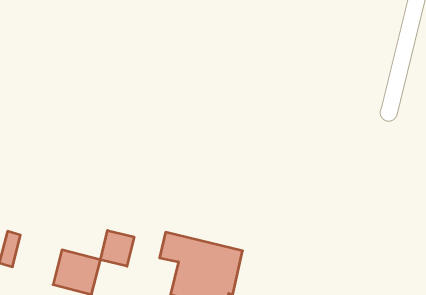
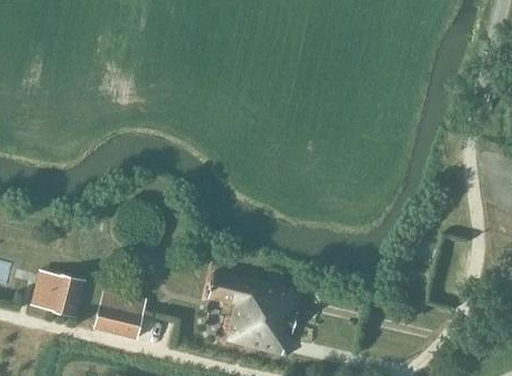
building: [100,230,134,266] -> none
building: none -> [47,274,82,316]

